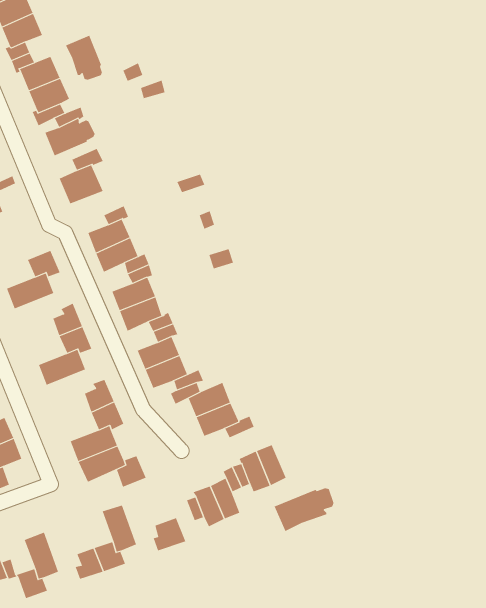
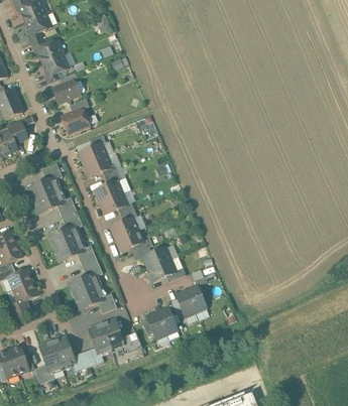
building: [65,35,103,81] -> none
building: none -> [32,190,64,214]
building: none -> [52,239,84,262]
building: [274,488,334,532] -> none
building: none -> [101,319,123,350]
building: none -> [51,337,75,367]

